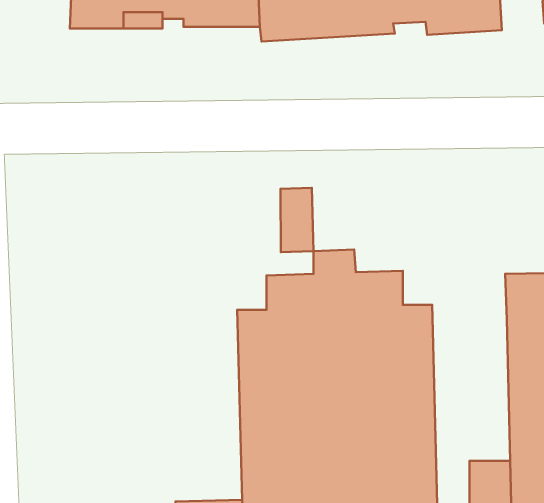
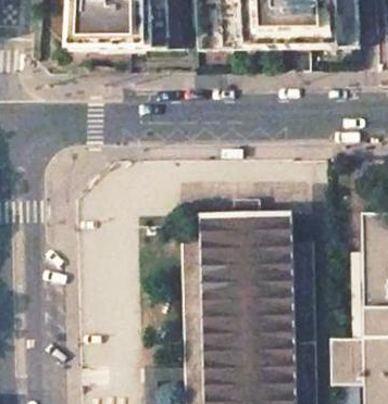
building: [280,188,314,252] -> none

